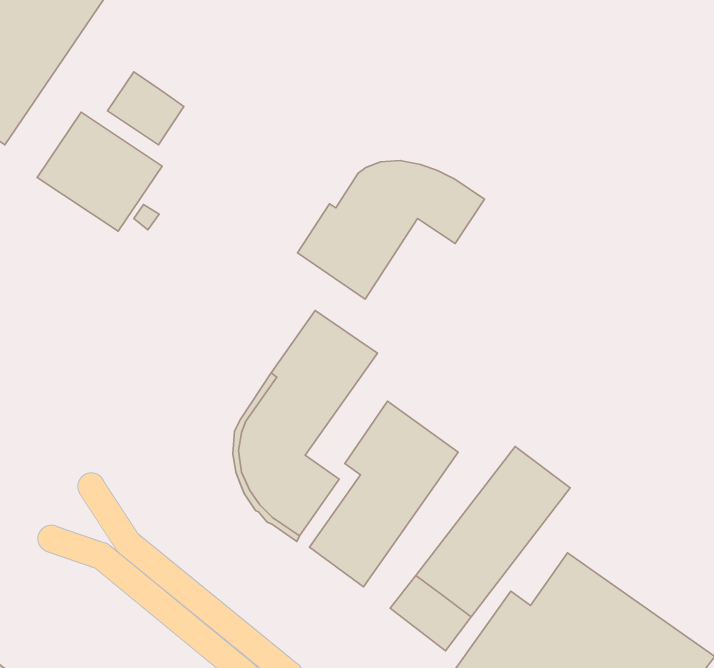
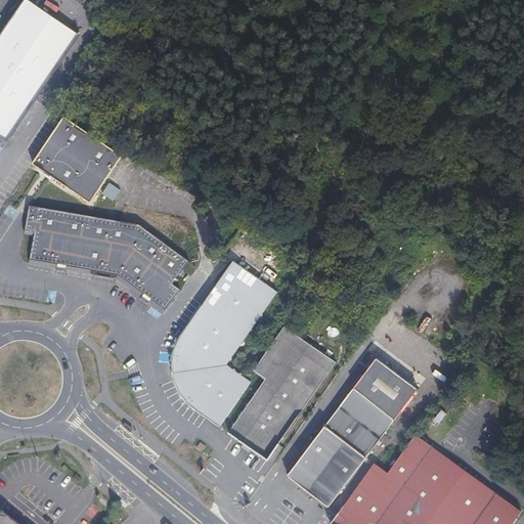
building: [107,72,184,145] -> none
building: [297,160,484,299] -> none
building: none -> [25,206,186,307]

